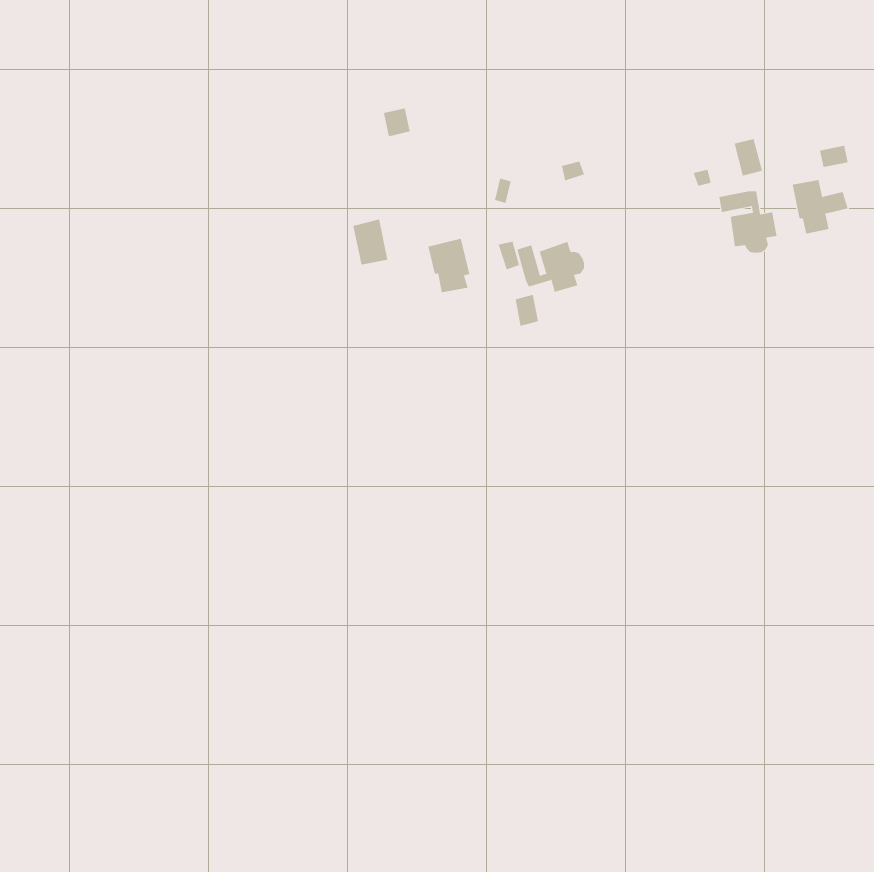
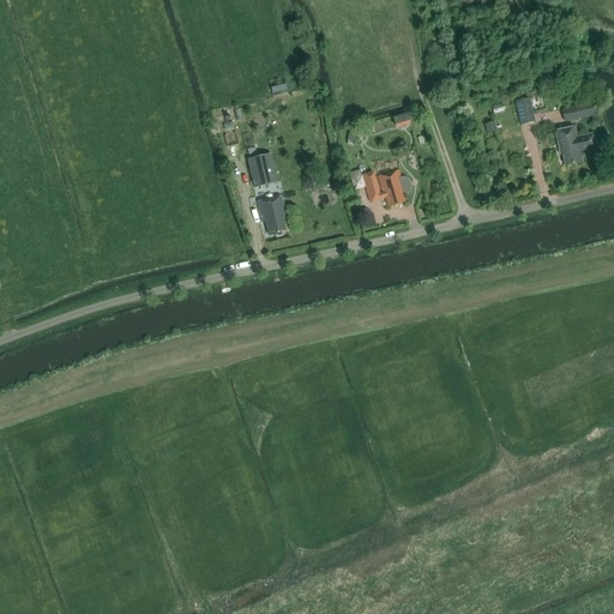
building: [719,190,777,254] -> none
building: [427,238,470,293] -> [258,195,288,234]

